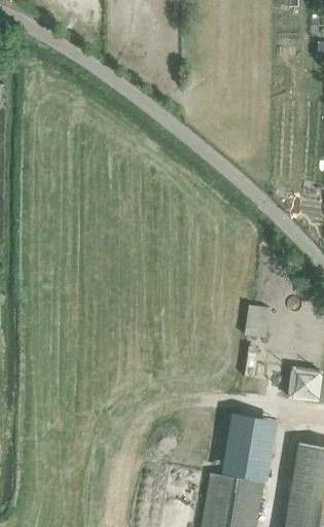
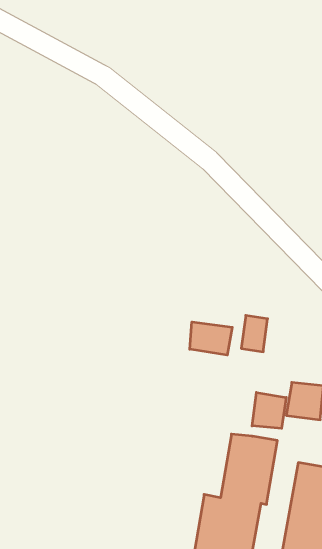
building: none -> [190,322,232,355]
building: none -> [252,392,286,428]

